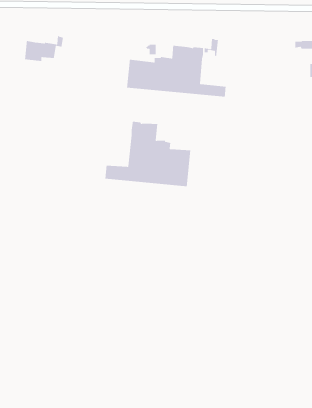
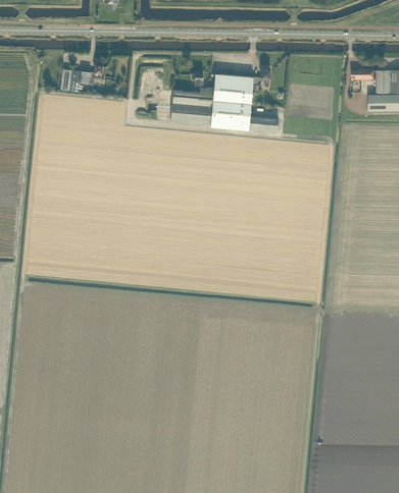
building: [104,121,191,187] -> none

